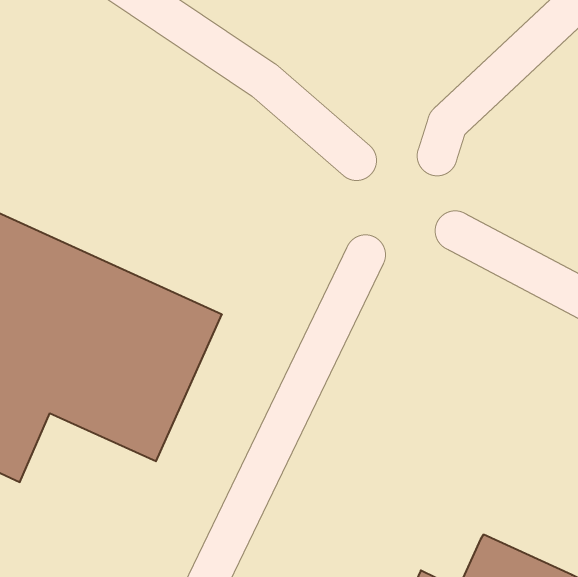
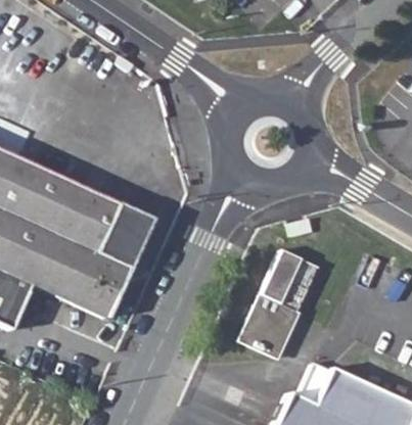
building: none -> [241,251,318,358]

